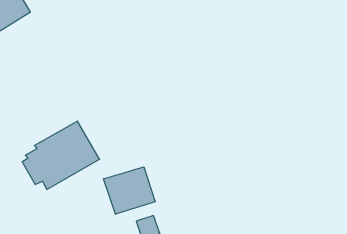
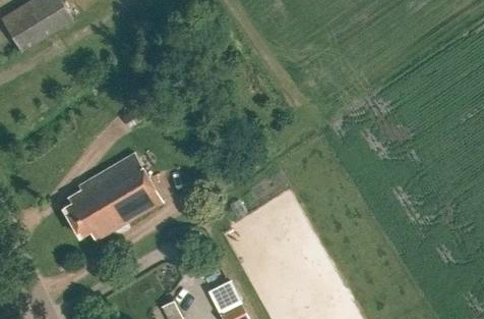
building: [104,167,155,214] -> none

